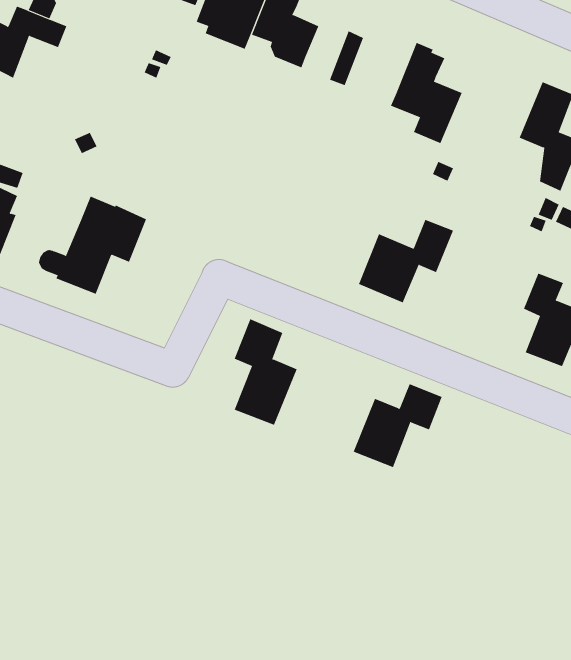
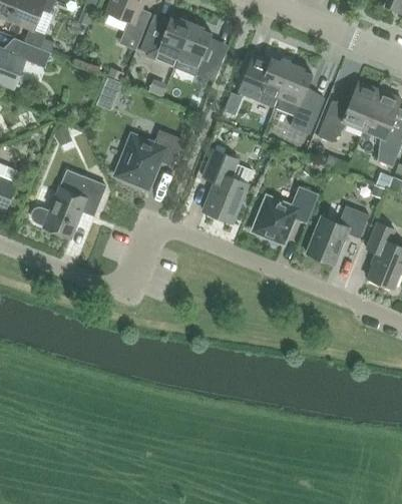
building: none -> [253,57,292,107]
building: none -> [317,81,379,141]
building: none -> [114,129,182,188]
building: [234,318,298,426] -> [203,148,247,222]
building: [353,384,443,468] -> [306,205,368,264]

